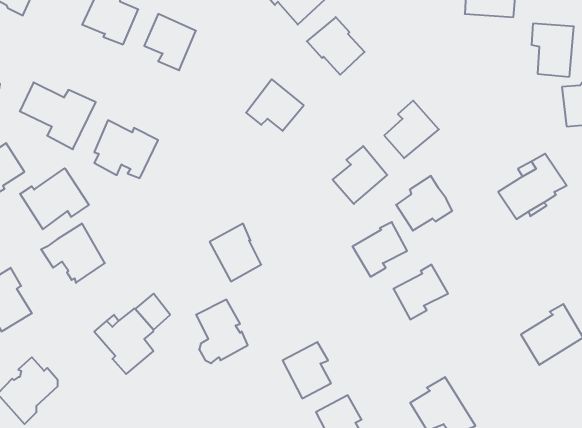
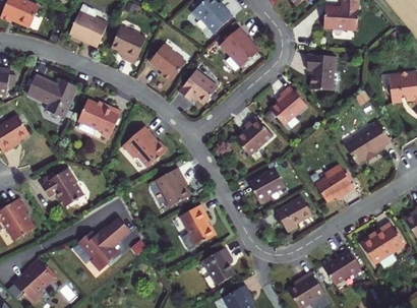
building: [531,24,574,77] -> [307,55,336,90]
building: none -> [148,46,184,83]
building: none -> [121,127,166,167]
building: [20,168,89,229] -> none
building: [396,176,452,231] -> [316,165,354,201]
building: [196,300,248,363] -> [180,203,215,246]
building: none -> [321,247,363,283]

